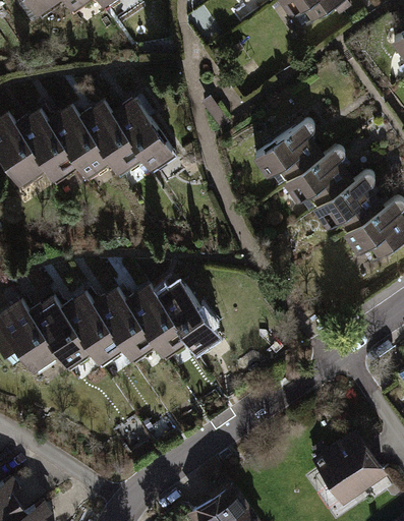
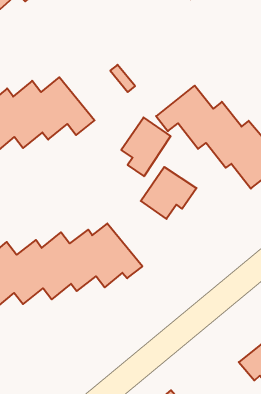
building: none -> [121,117,171,176]
building: none -> [141,167,197,219]

